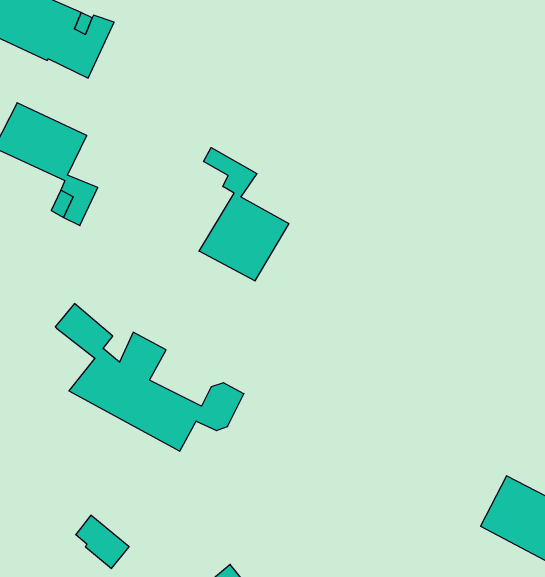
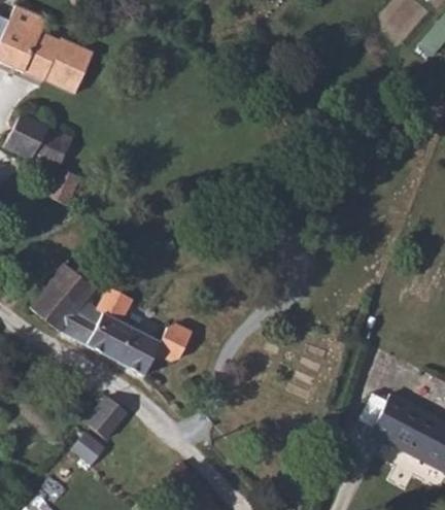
building: [199,148,289,281] -> none
building: none -> [30,282,79,330]
building: none -> [87,396,127,438]

